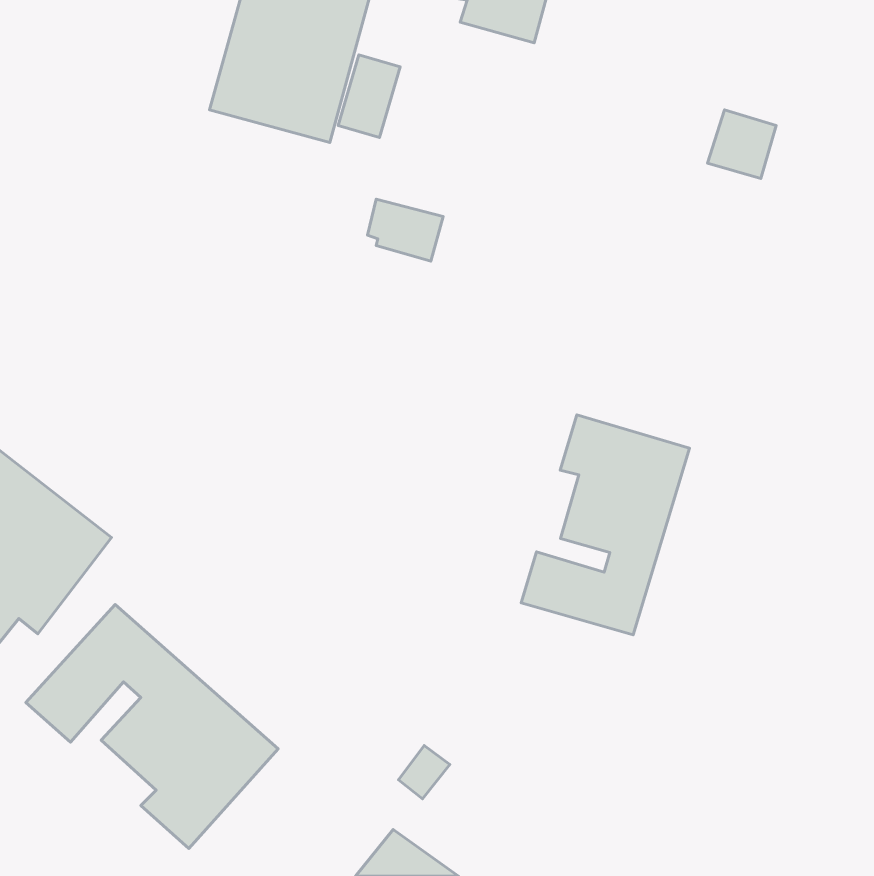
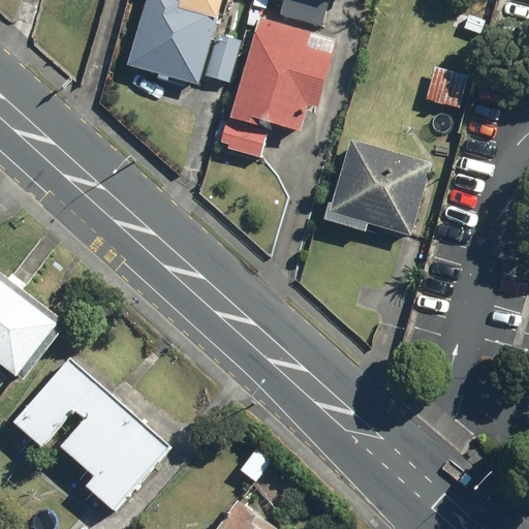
building: none -> [229,17,337,131]
building: none -> [321,137,433,236]
building: [521,415,689,635] -> none

